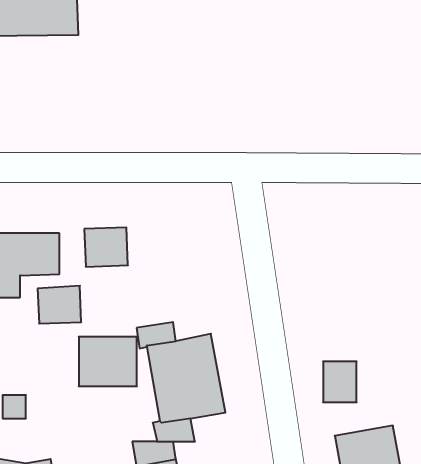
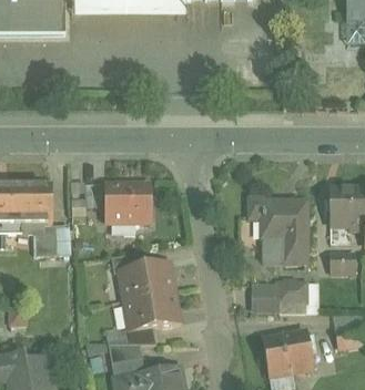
building: none -> [250,197,305,263]
building: [79,337,137,386] -> [105,185,150,223]
building: none -> [278,283,305,314]

